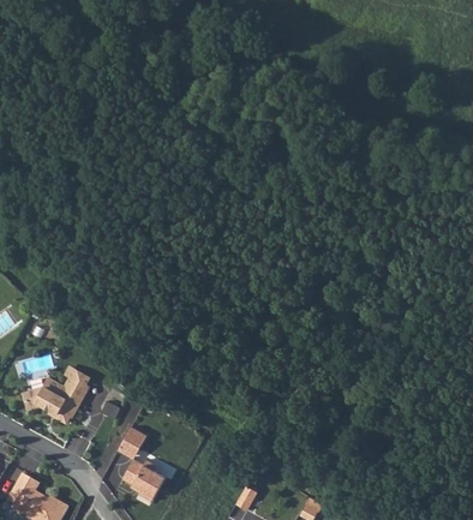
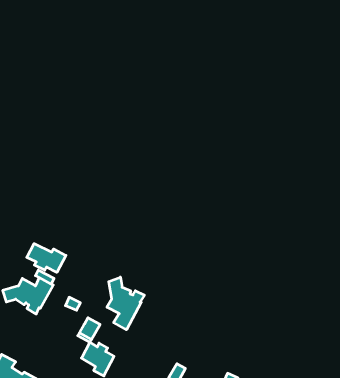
building: none -> [27,244,66,272]
building: none -> [107,277,144,330]

